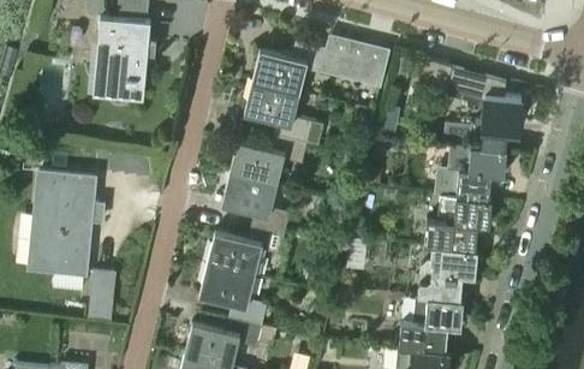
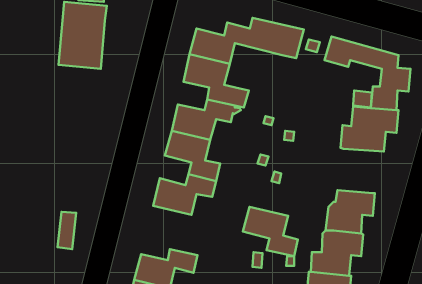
building: [29,173,103,291] -> none
building: [424,196,491,250] -> none
building: [198,266,266,326] -> [243,207,298,256]

